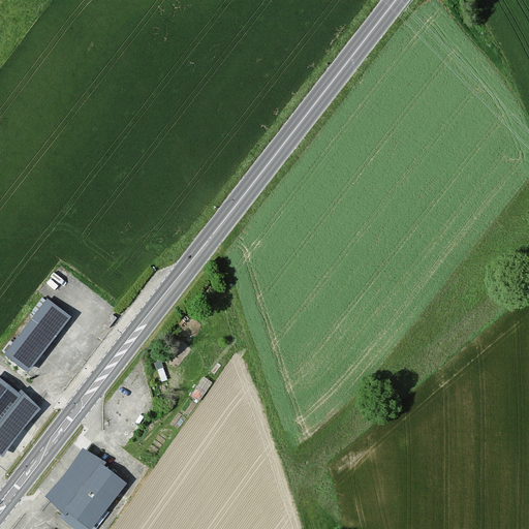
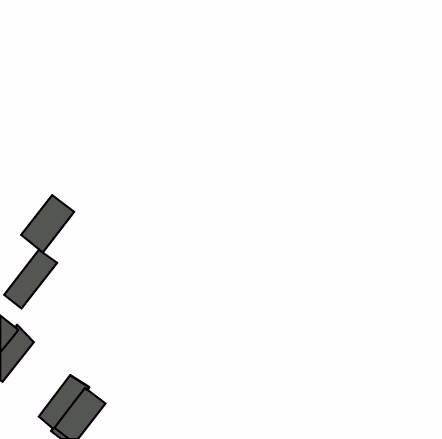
building: none -> [21,195,74,253]

